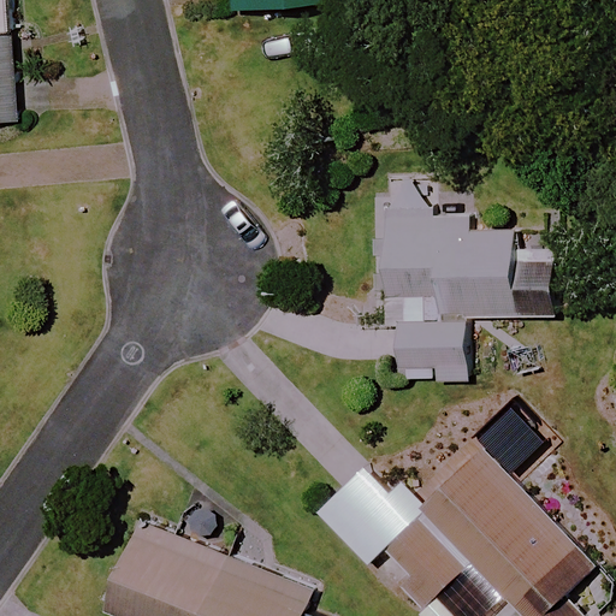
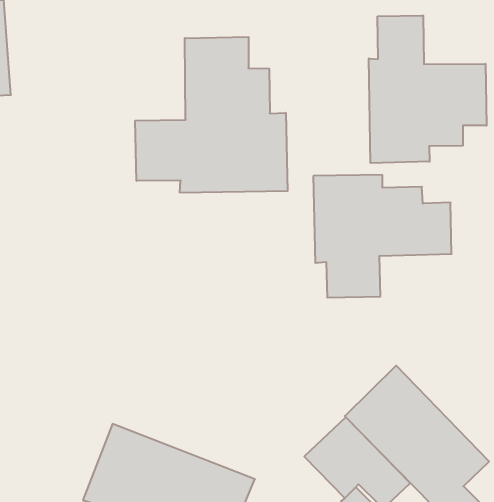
building: none -> [369,15,487,163]
building: none -> [135,37,288,193]

